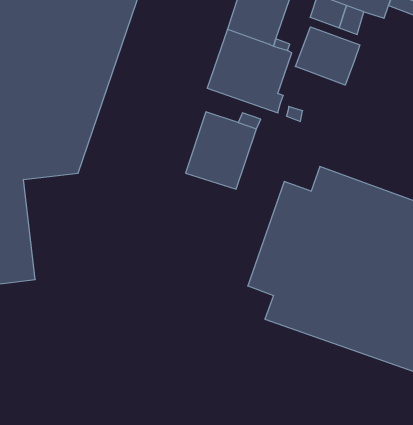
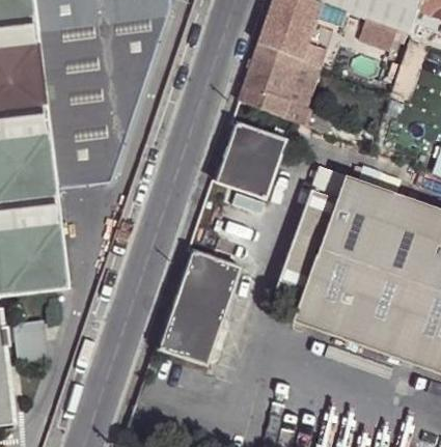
building: [295,27,360,85] -> none
building: none -> [160,250,242,364]

